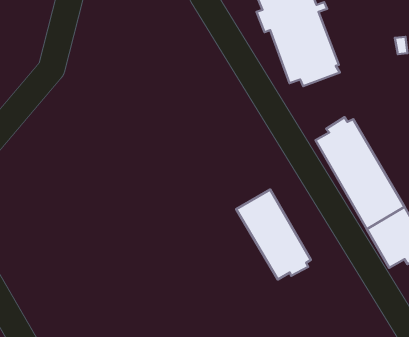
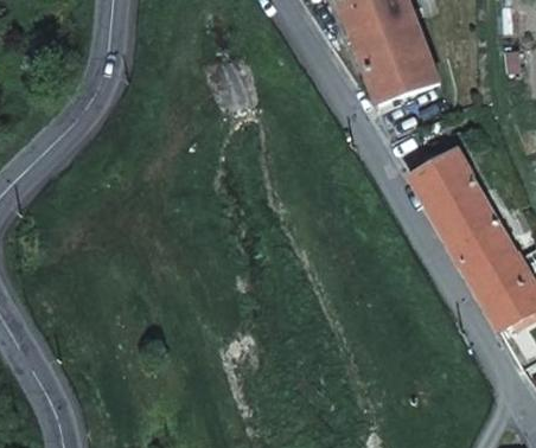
building: [236,190,311,280] -> none

